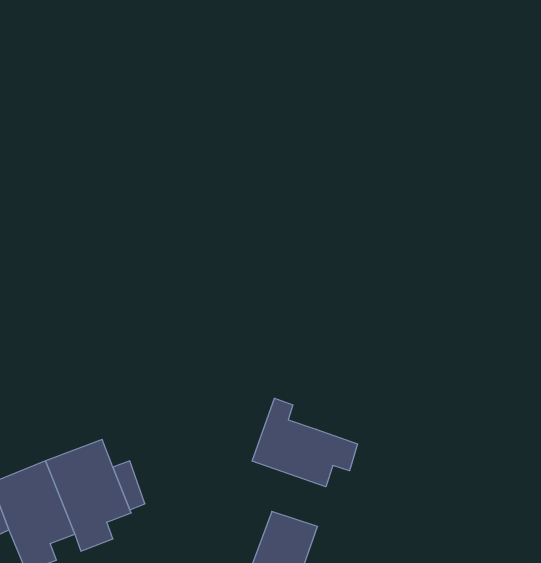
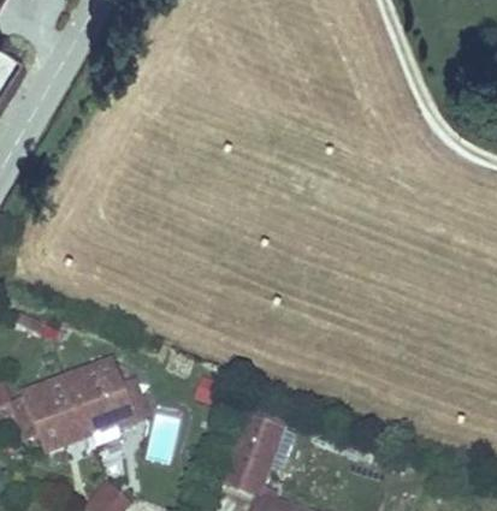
building: [252,398,357,487] -> none

